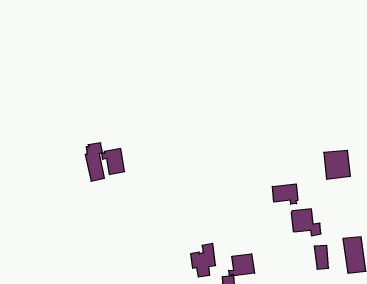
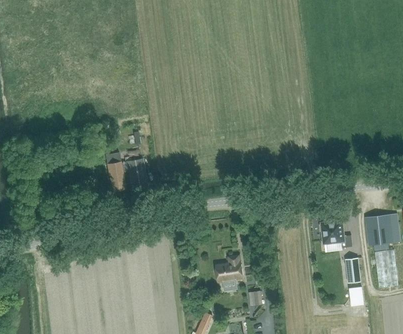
building: [324,150,350,179] -> [365,216,393,246]
building: [272,184,298,204] -> none
building: [229,254,254,276] -> none

